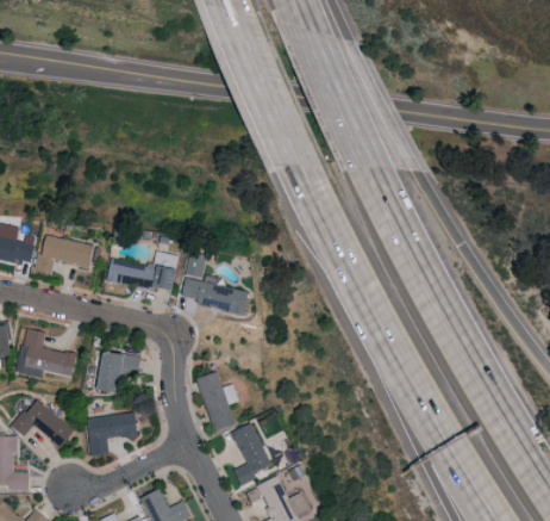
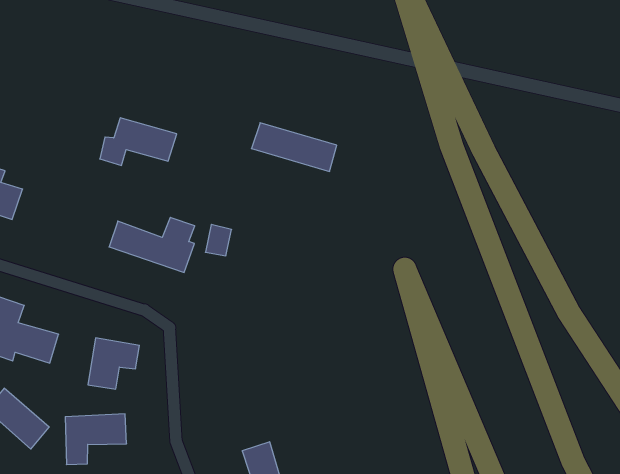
building: [33,236,93,274] -> [100,118,177,165]
building: [181,279,249,312] -> [251,123,337,171]
building: [199,373,238,432] -> none

